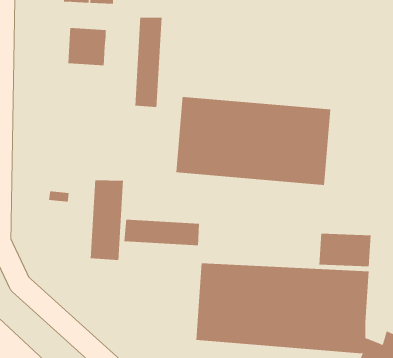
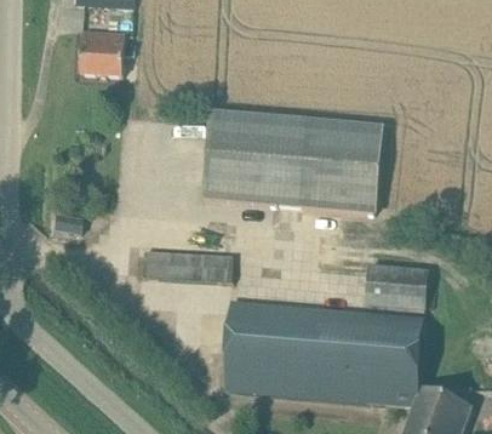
building: [135,17,162,108] -> none
building: [90,180,123,261] -> none

